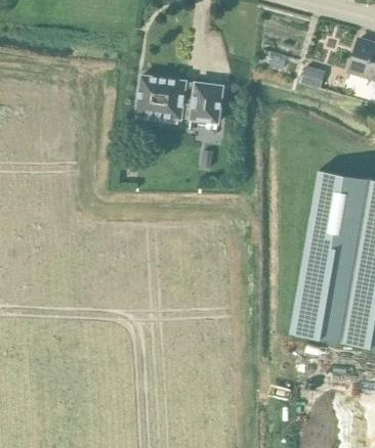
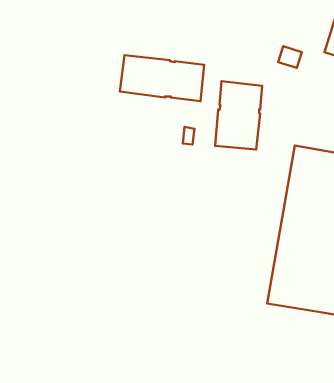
building: none -> [215,81,262,150]

